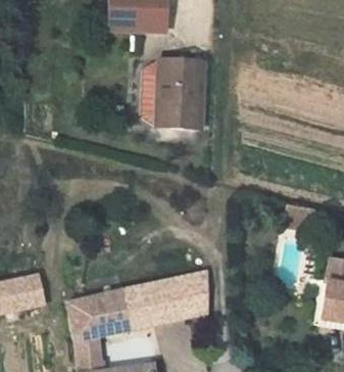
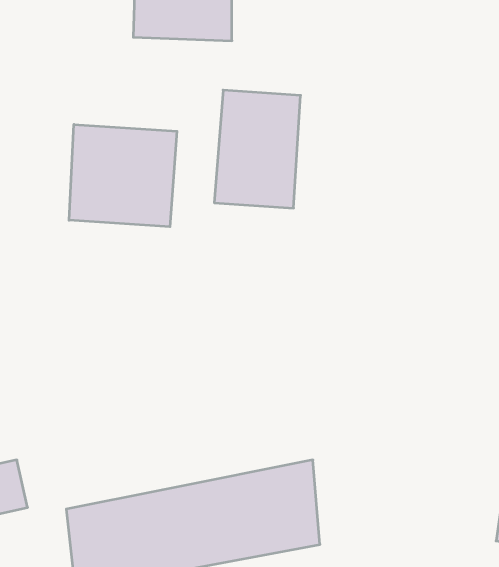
building: none -> [69,124,177,227]

